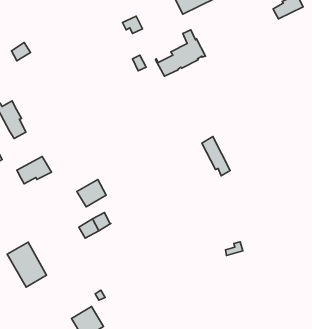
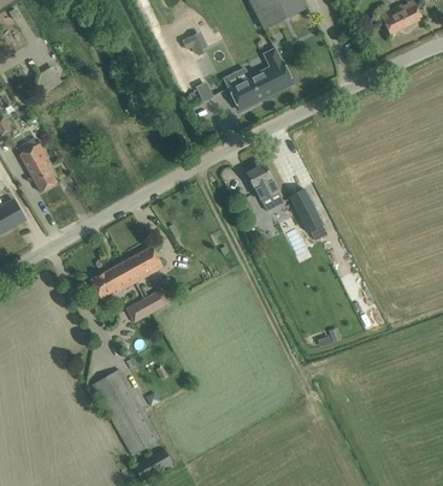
building: none -> [247,164,283,211]
building: [17,157,51,184] -> [90,261,136,297]
building: [7,242,46,287] -> [91,369,143,428]

